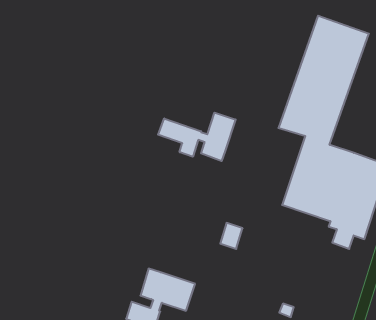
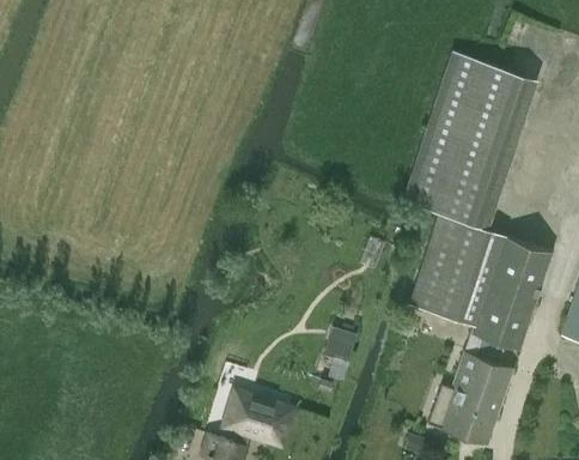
building: [158,113,236,161] -> none
building: none -> [428,351,513,443]

